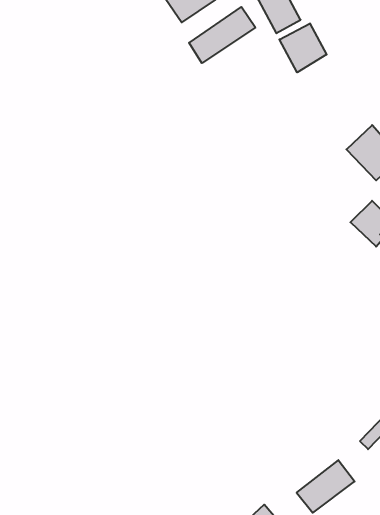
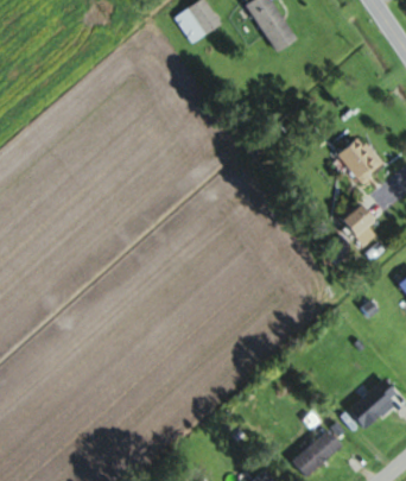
building: [189,7,255,63] -> none
building: [279,23,327,72] -> none

